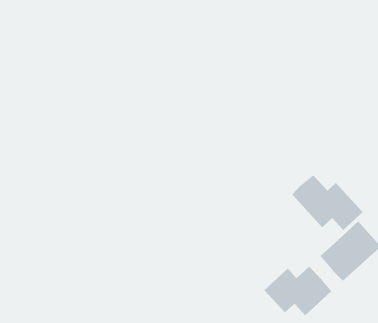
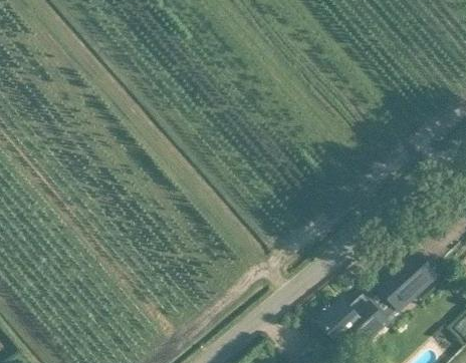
building: [291,174,363,231] -> none

